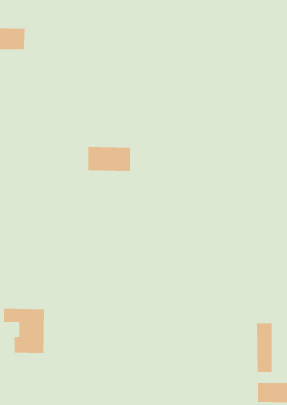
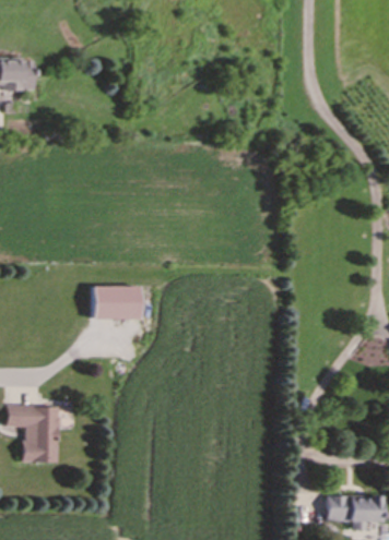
building: [87,146,131,172] -> [91,287,144,319]
building: [256,323,272,373] -> none

